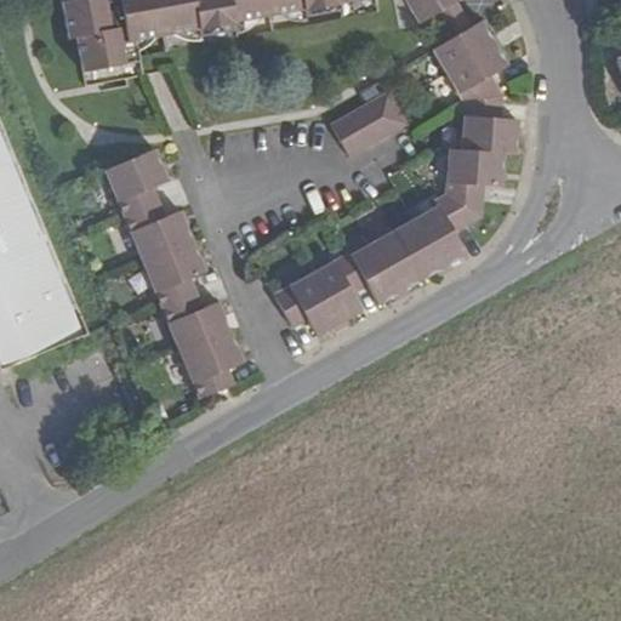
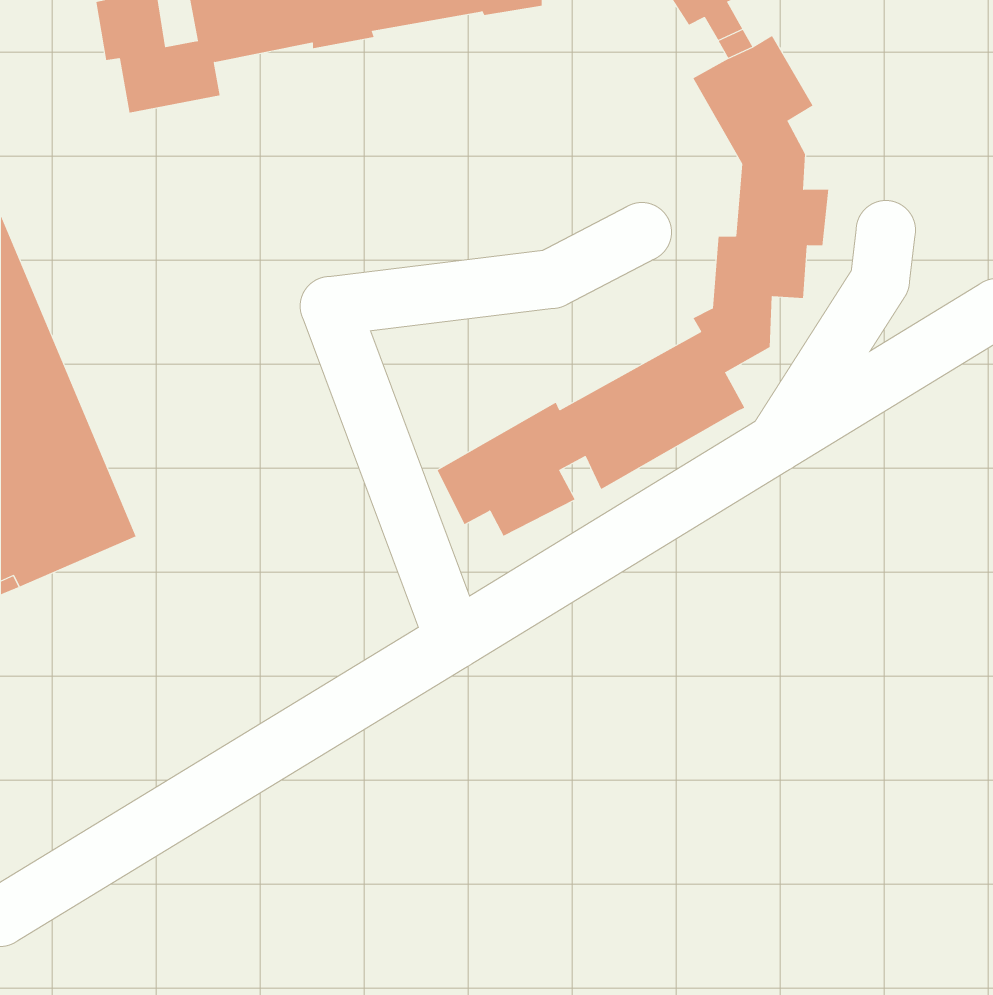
building: [330,90,406,154] -> none
building: [102,148,243,398] -> none

